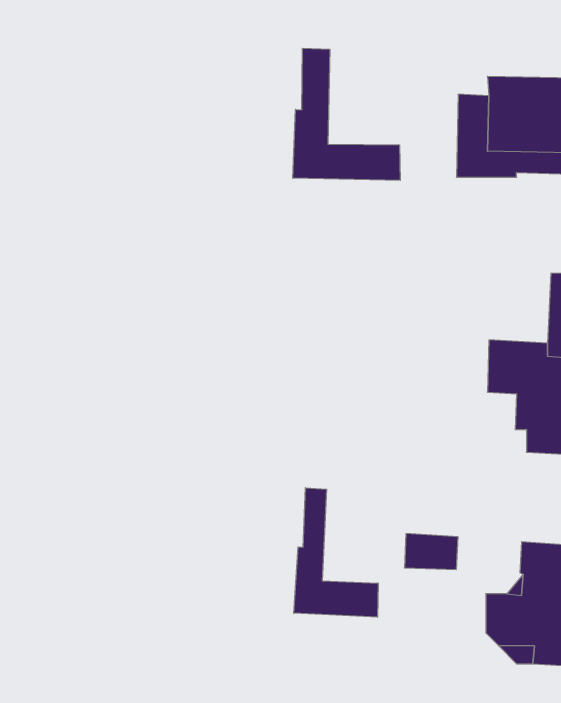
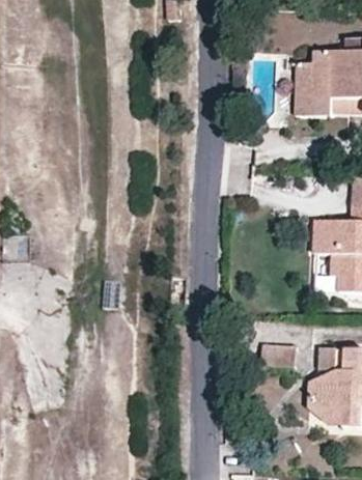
building: [293,48,400,180] -> none
building: [294,488,378,617] -> none

